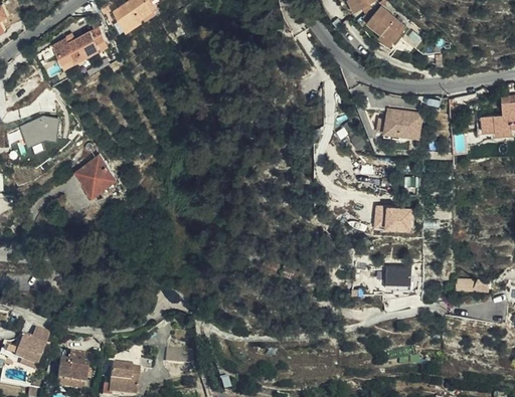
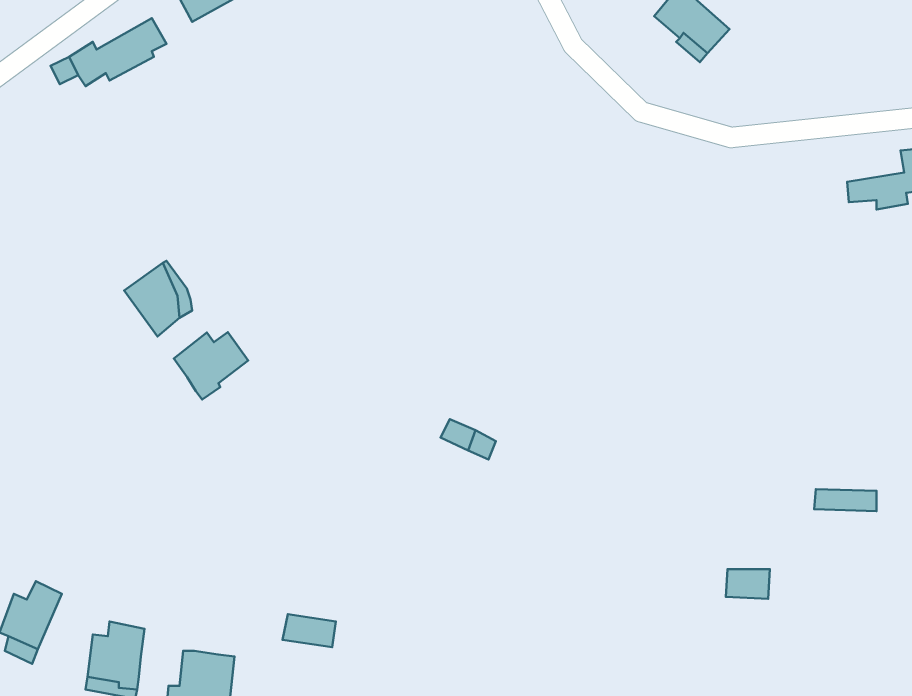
building: [386,115,421,141] -> none
building: [23,123,58,145] -> none
building: none -> [174,332,248,400]
building: [386,209,413,231] -> none
building: [385,270,409,286] -> [726,569,770,599]

